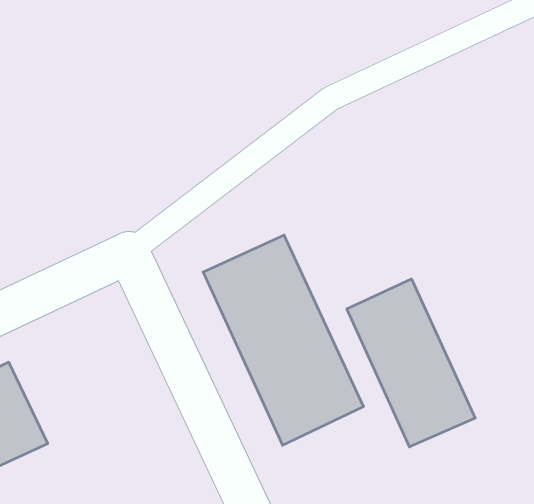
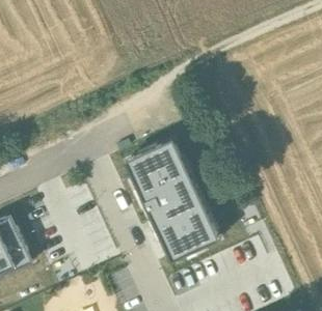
building: [347,279,475,447] -> none

